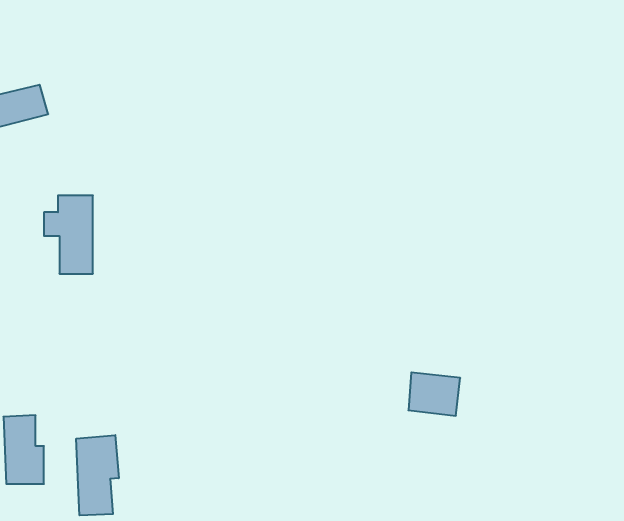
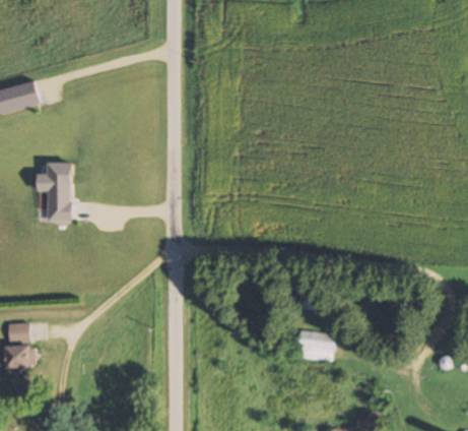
building: [408,372,460,416] -> [298,330,336,362]
building: [76,435,119,515] -> none

